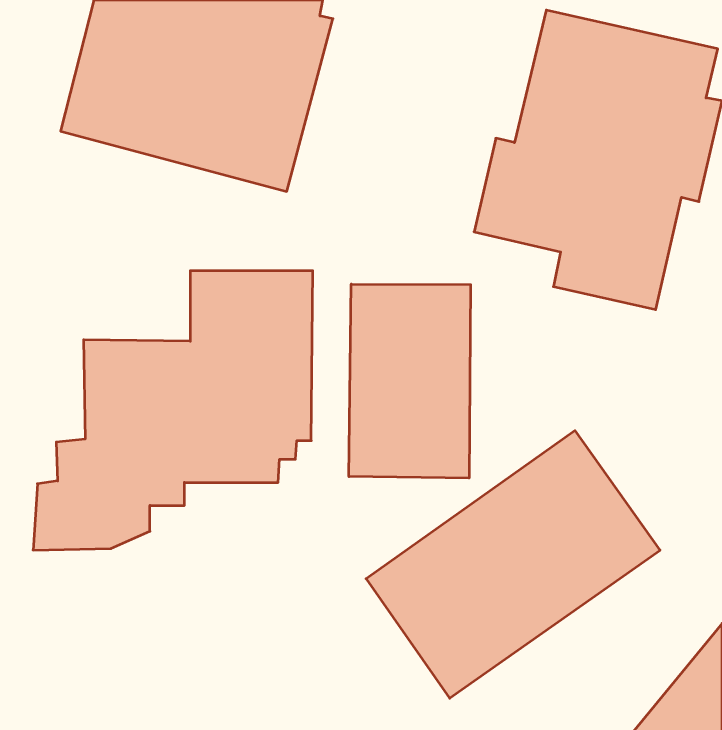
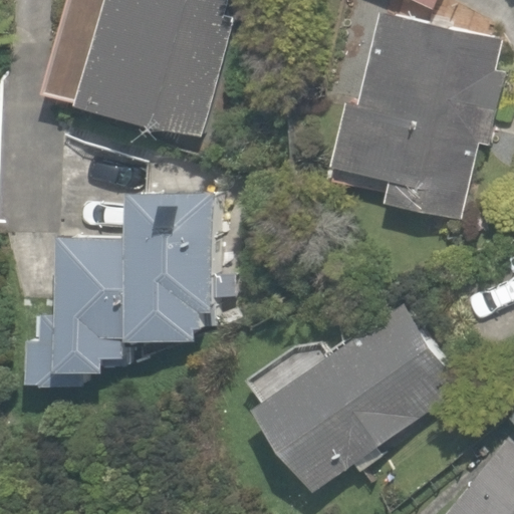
building: [349,284,471,478] -> none

